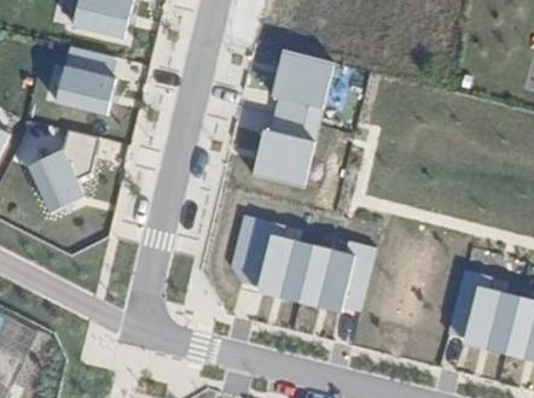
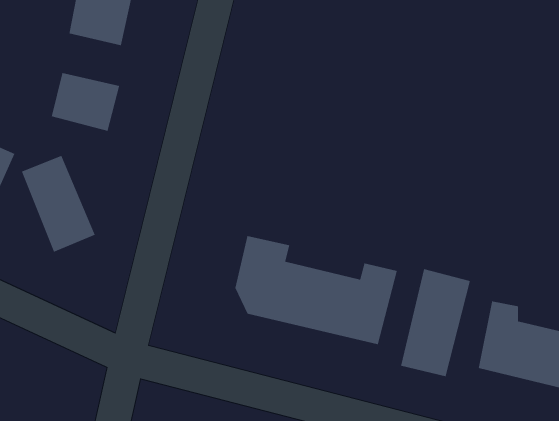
building: [246,51,319,185] -> none
building: none -> [400,268,471,377]

